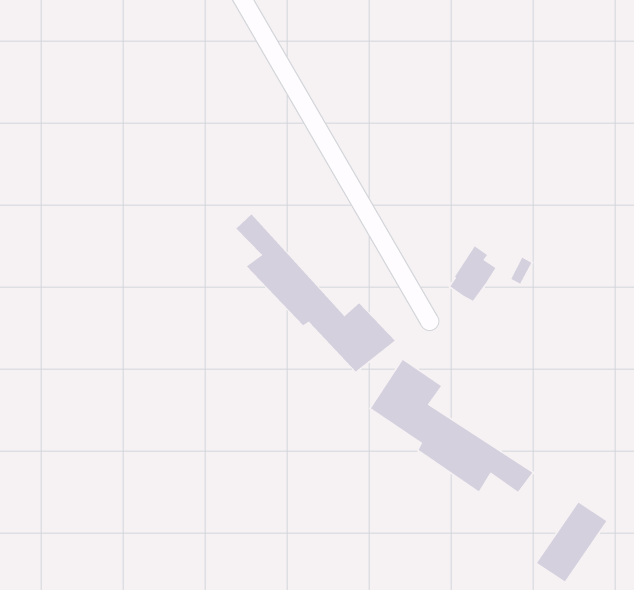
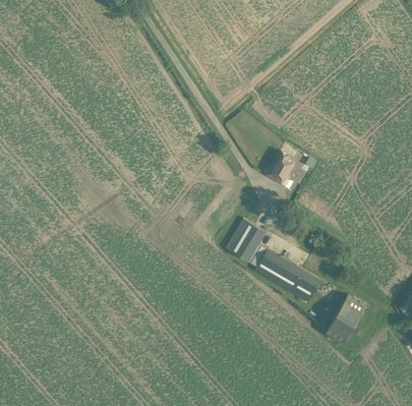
building: [236,214,396,372] -> none

